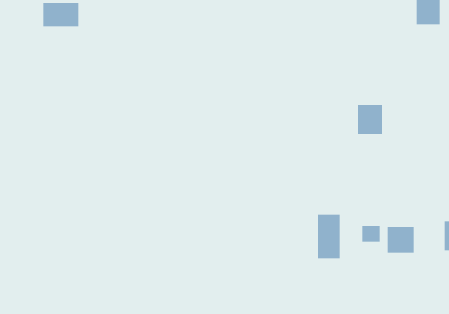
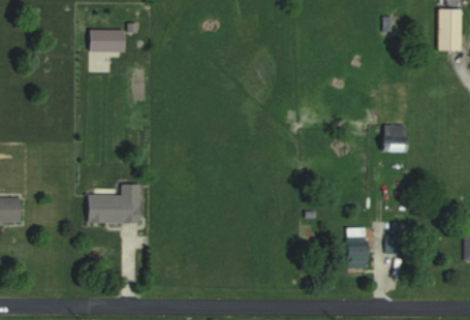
building: none -> [88,184,140,223]
building: [387,226,414,254] -> none

